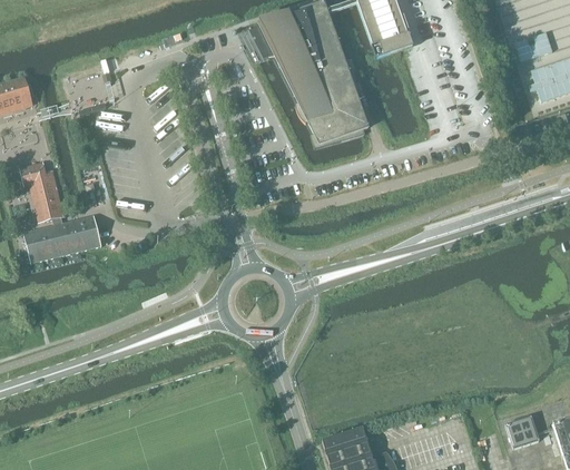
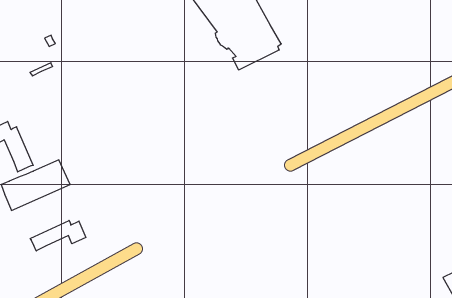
building: none -> [30,220,86,251]

